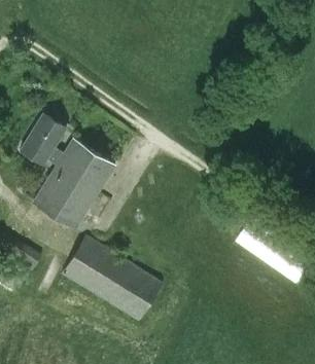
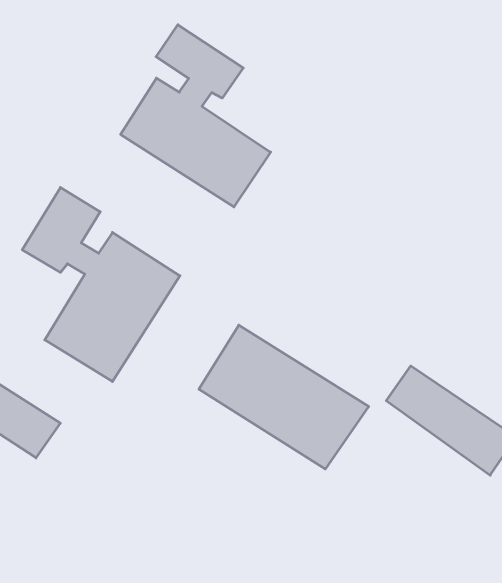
building: none -> [121,25,271,207]
building: [63,235,164,321] -> [199,325,369,469]

